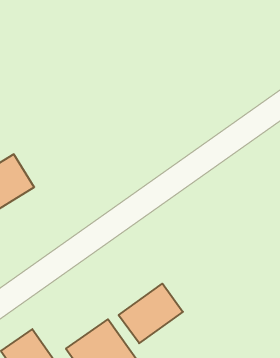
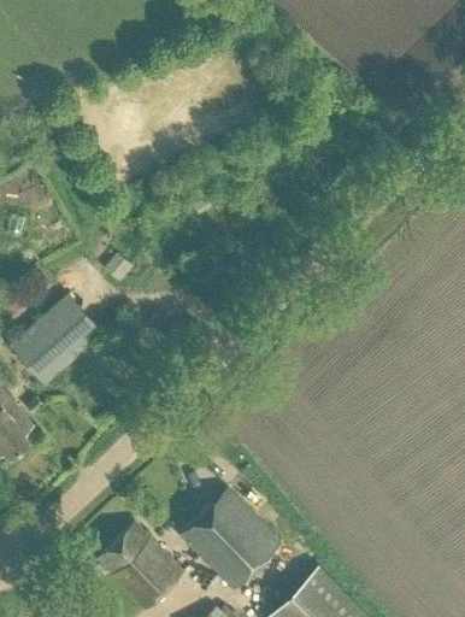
building: [119,284,183,343] -> none

